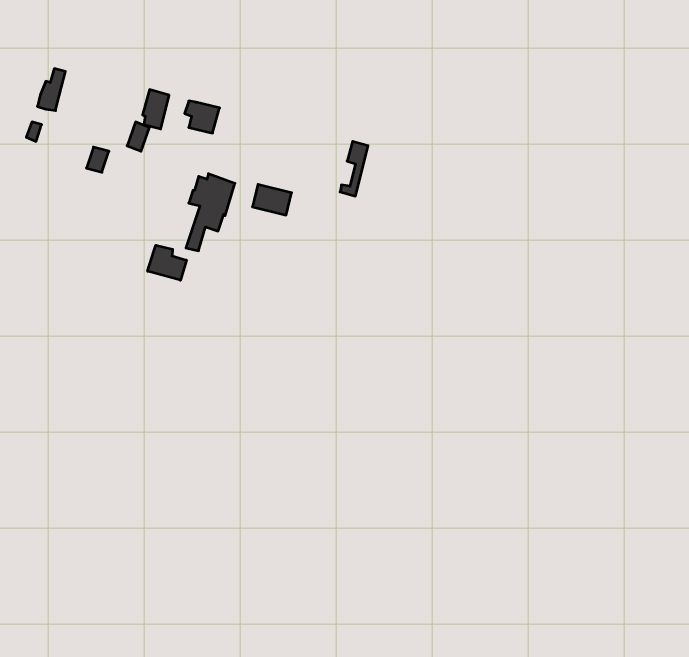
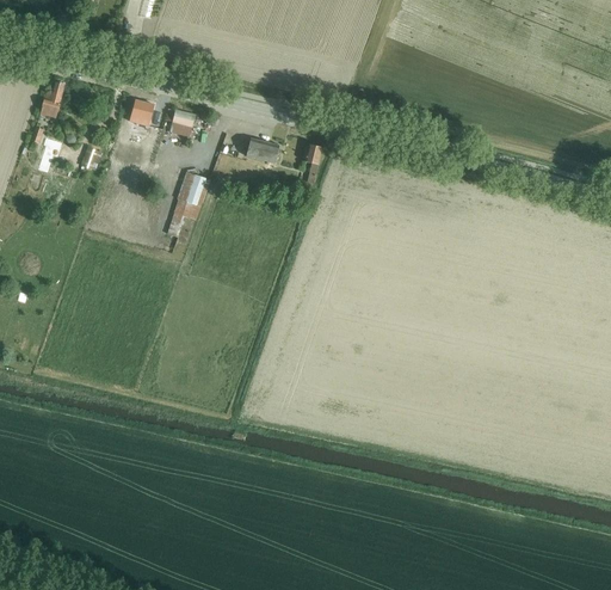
building: [252,184,292,215] -> [246,137,279,164]
building: [148,245,186,280] -> none

